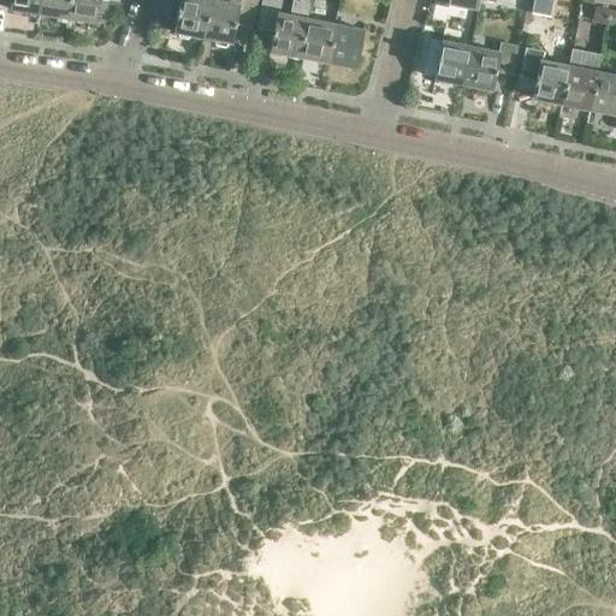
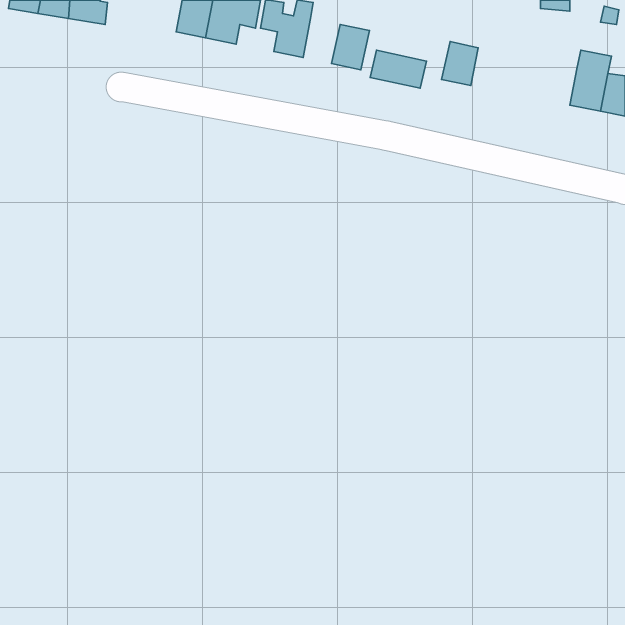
building: [298,18,334,63] -> none
building: [463,42,517,89] -> none
building: [520,48,568,103] -> none
building: none -> [370,50,426,88]

